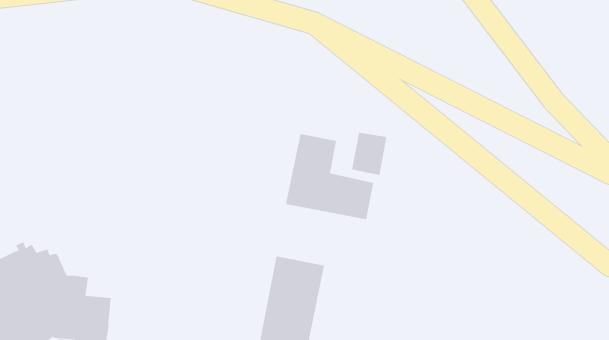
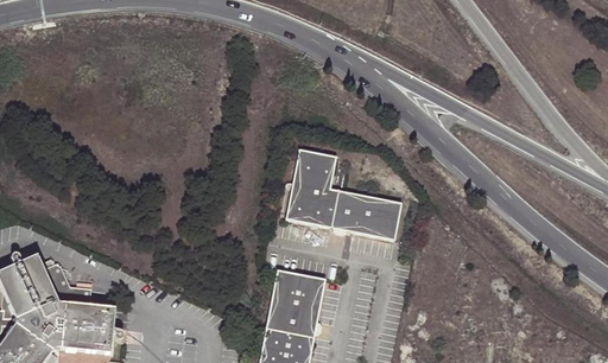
building: [351,132,387,175] -> [367,196,403,238]

